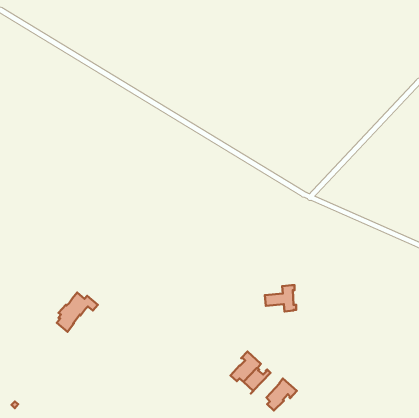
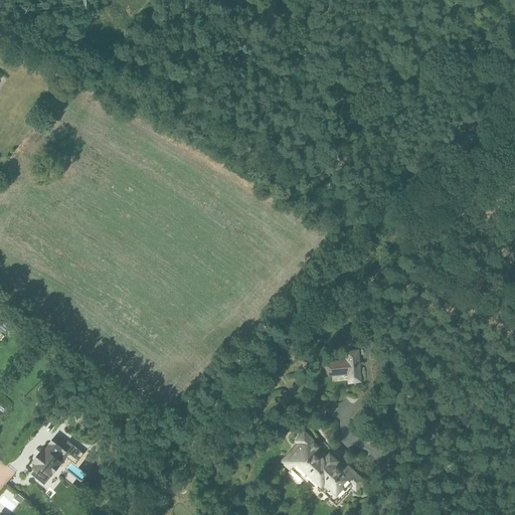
building: [57,292,98,332] -> [31,436,81,484]
building: none -> [308,458,343,488]

